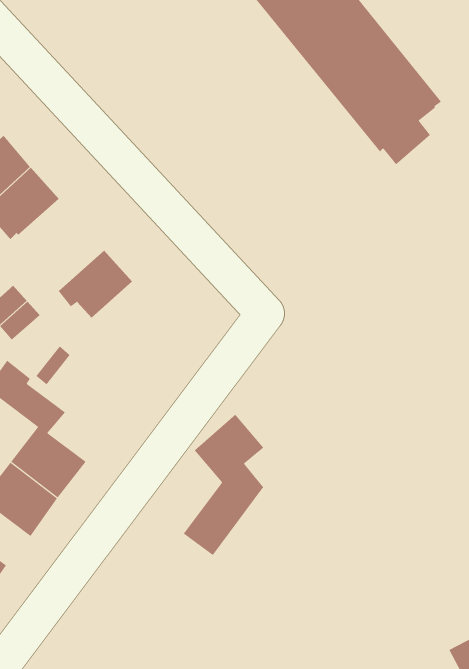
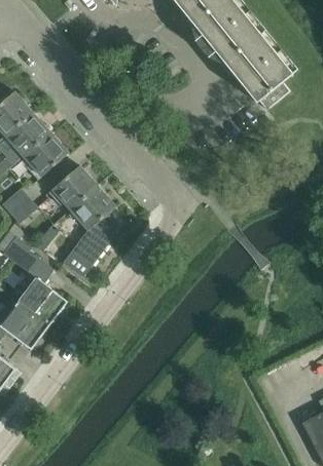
building: none -> [23,132,68,180]
building: [183,414,264,556] -> [63,186,115,277]

